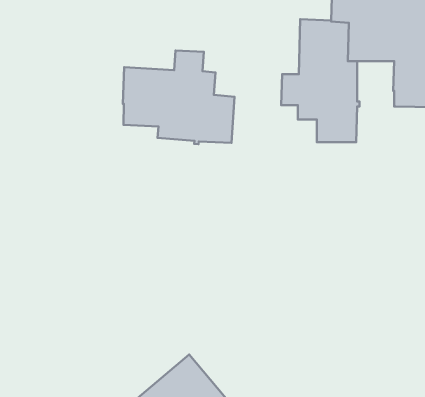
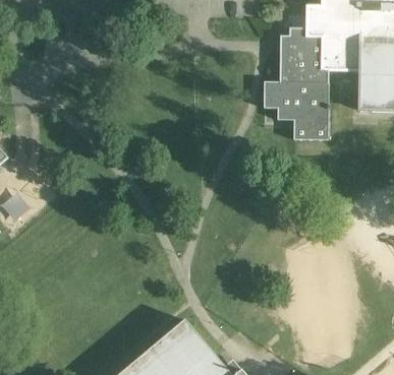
building: [123,51,235,144] -> none

